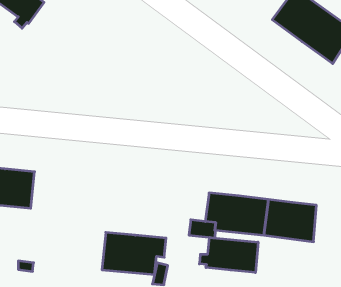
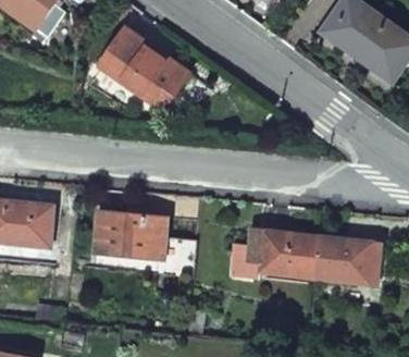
building: none -> [98,29,188,103]
building: [102,232,166,274] -> [94,211,166,259]
building: [199,237,258,273] -> none

